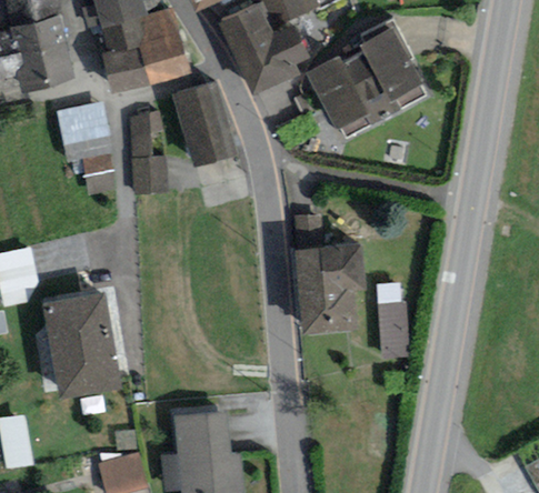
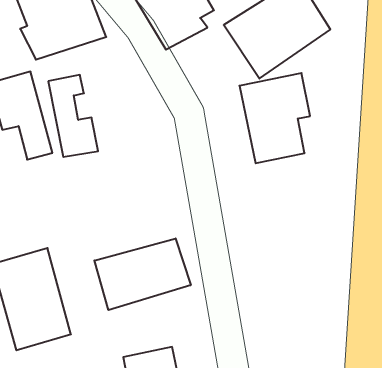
building: [172,80,237,165] -> none
building: [293,241,366,332] -> [239,73,310,163]
building: [377,283,411,358] -> none
building: none -> [94,238,191,310]

